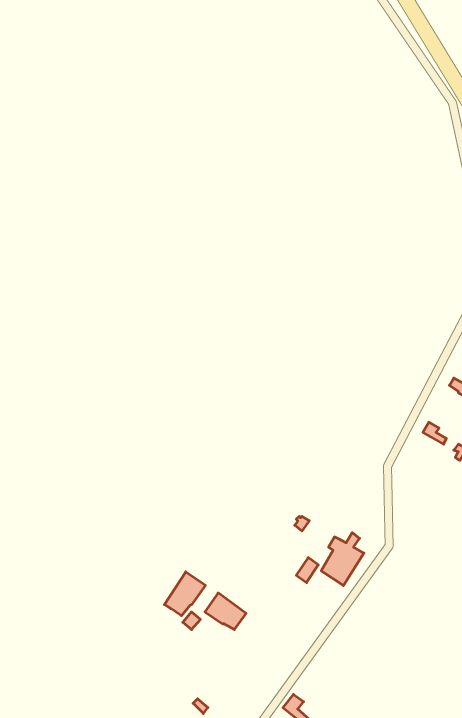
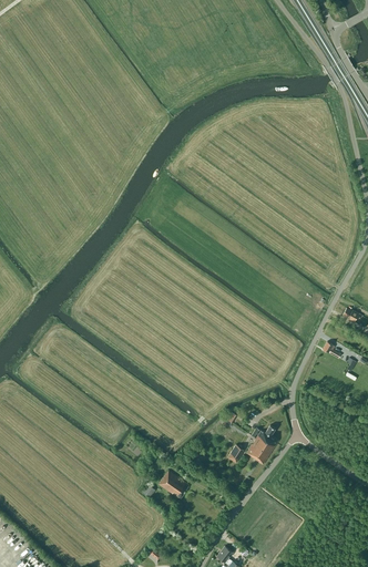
building: [164,572,205,616] -> none

